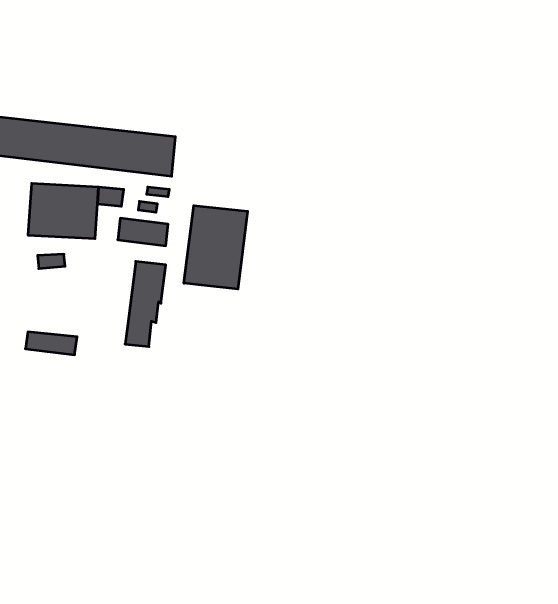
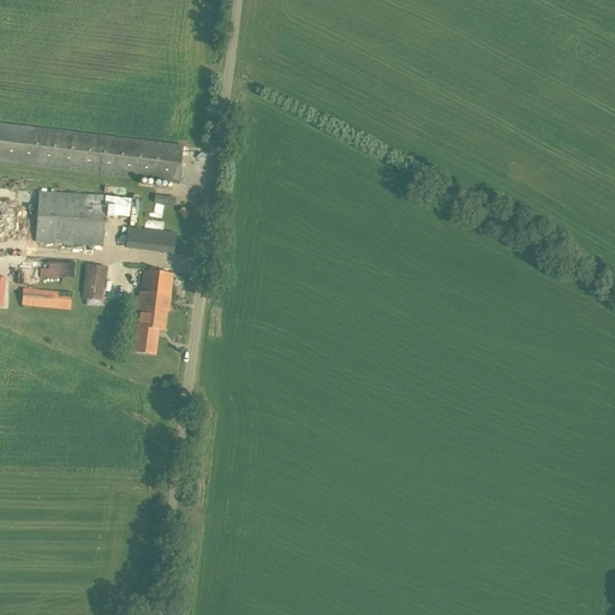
building: [184,206,248,289] -> none
building: none -> [82,263,106,298]
building: [25,332,77,355] -> [20,286,72,309]

